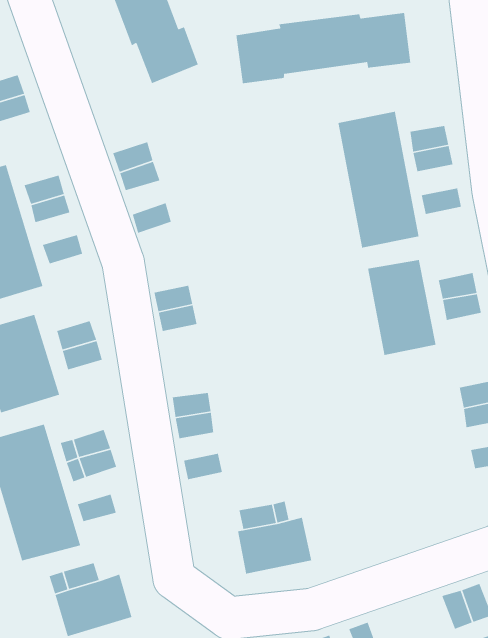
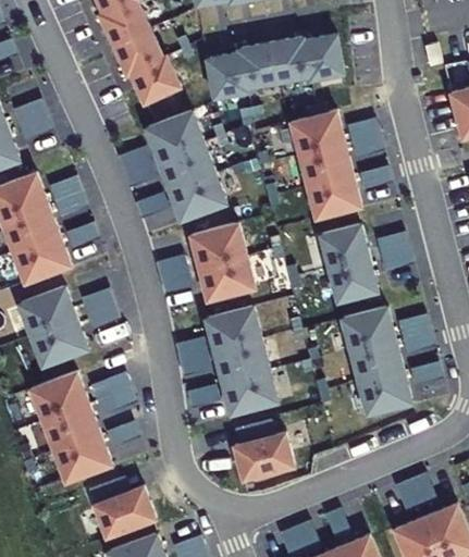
building: none -> [145,110,225,221]
building: none -> [189,223,254,301]
building: none -> [205,308,276,416]
building: none -> [341,307,410,414]

